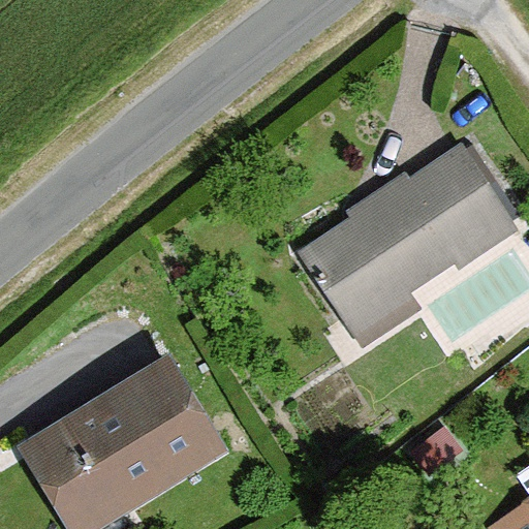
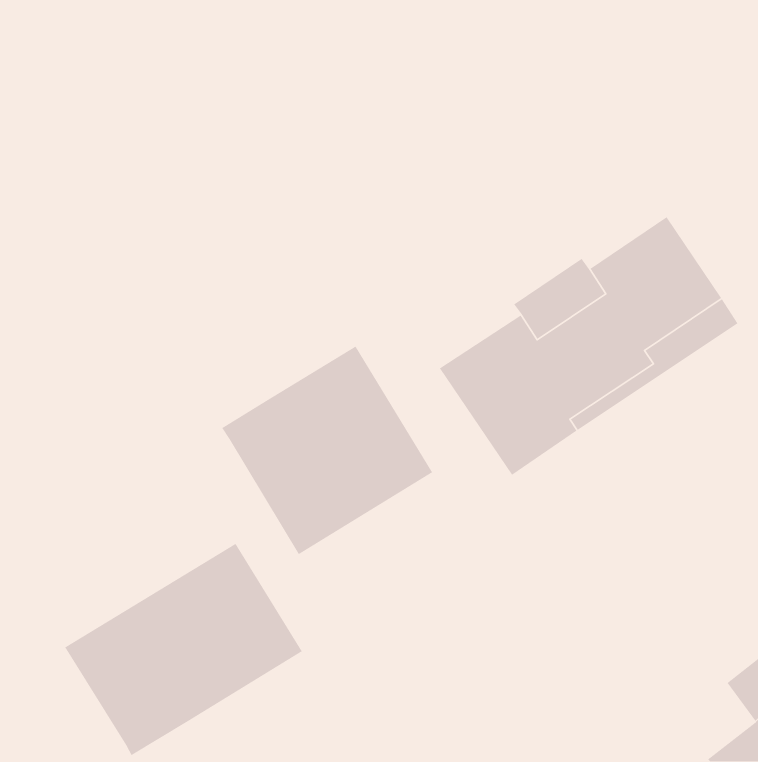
building: none -> [221,345,433,555]

